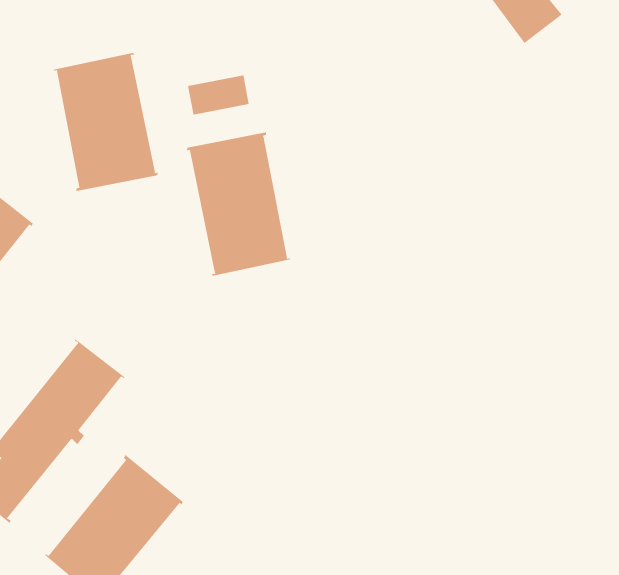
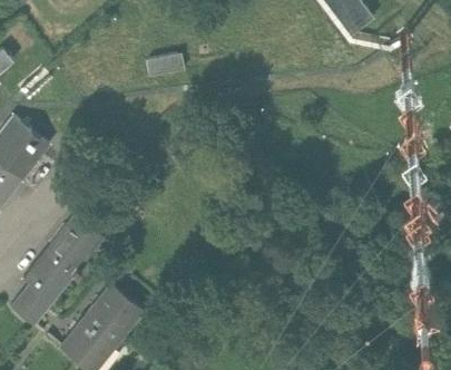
building: [53,52,158,192] -> none
building: [187,131,291,276] -> none

